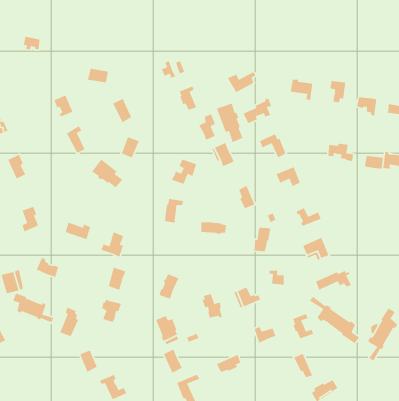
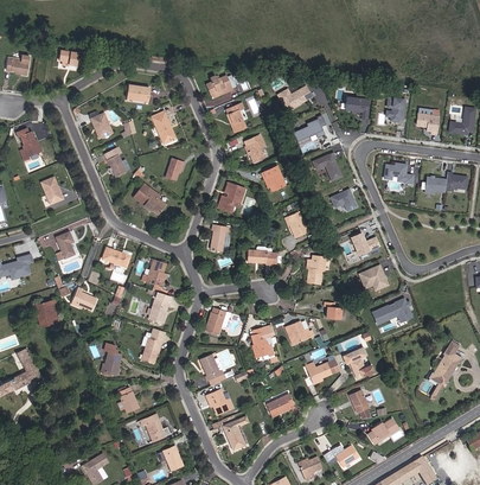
building: [216,103,243,143] -> none
building: [12,293,54,324] -> none
building: [309,296,360,344] -> none

